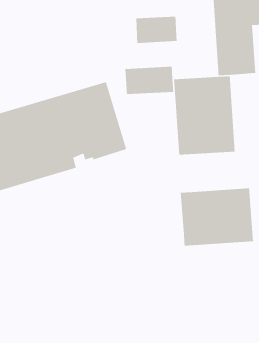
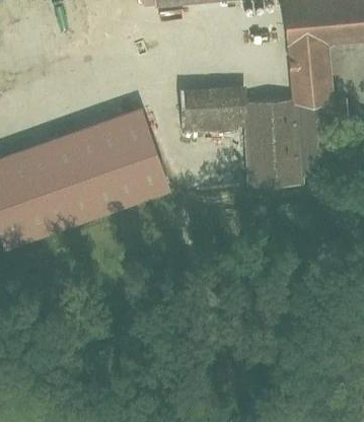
building: [135,16,177,44] -> none
building: [180,188,254,247] -> none

